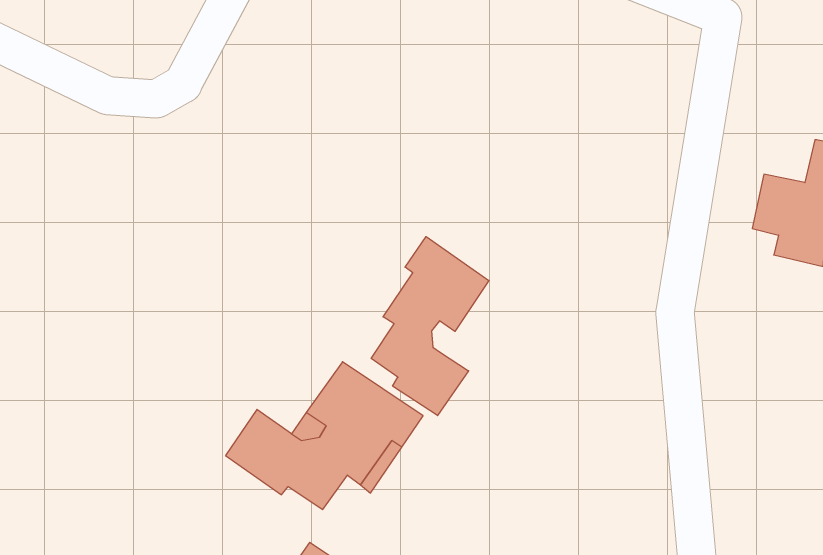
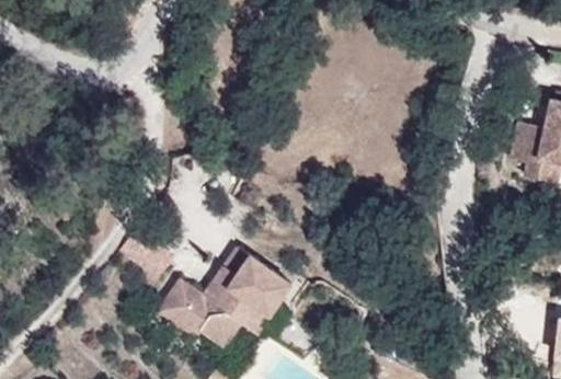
building: [371,237,489,416] -> none

